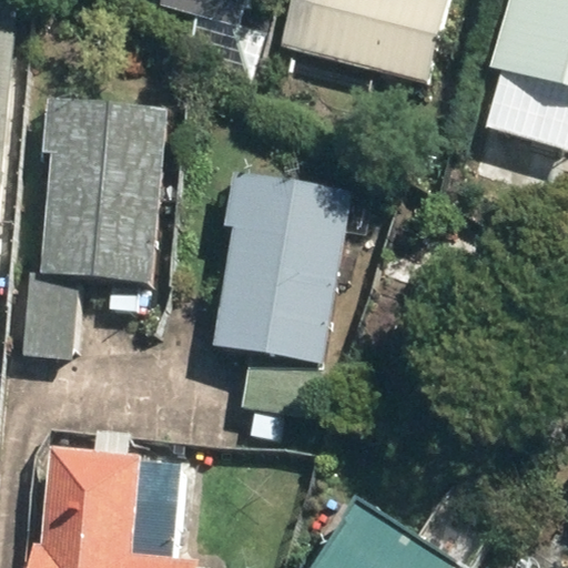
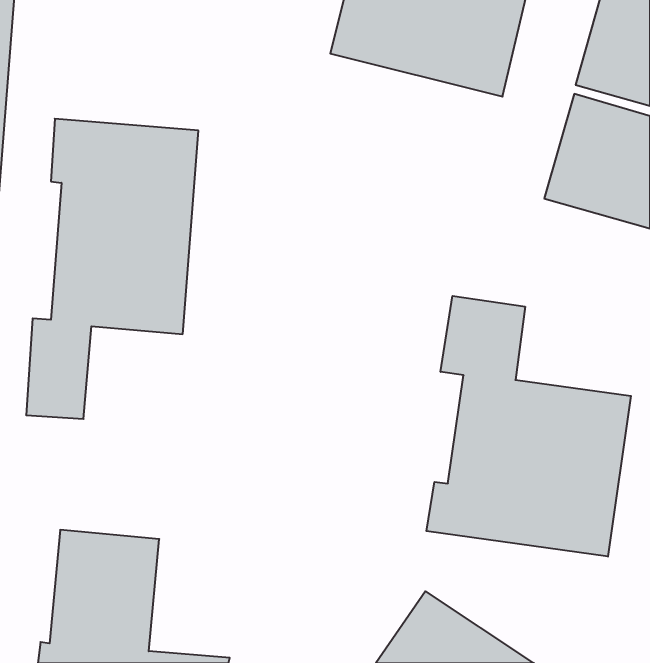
building: [214,171,349,419] -> none
building: none -> [426,296,631,557]

